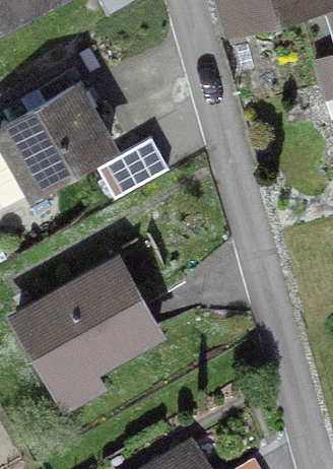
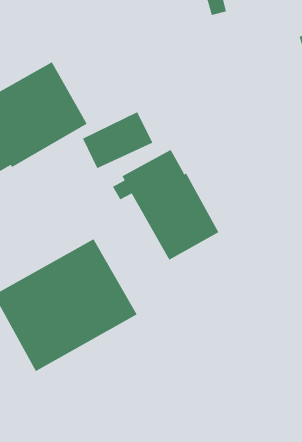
building: none -> [112,149,219,260]

